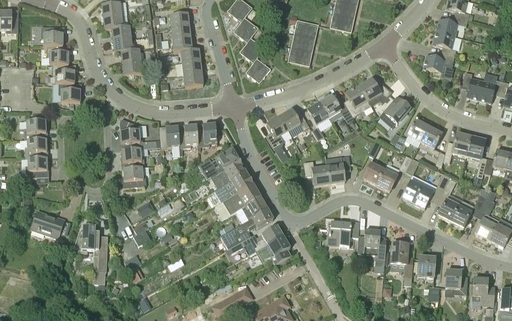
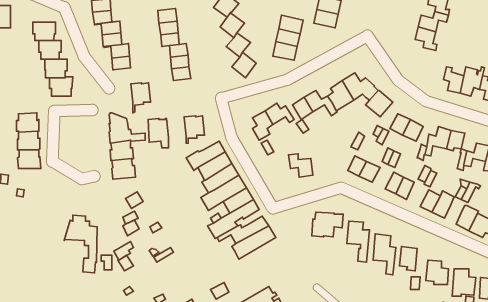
building: [423,52,454,72] -> none
building: [178,124,198,155] -> [131,83,150,113]
building: [326,155,350,183] -> none
building: [31,210,70,237] -> none

